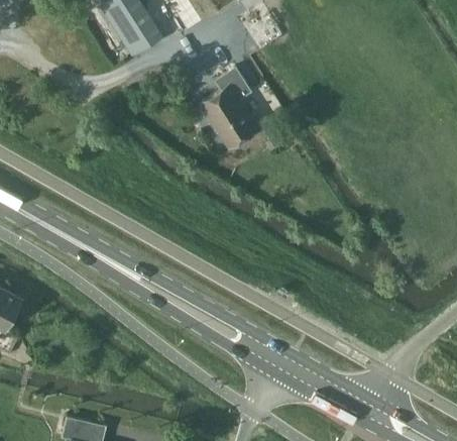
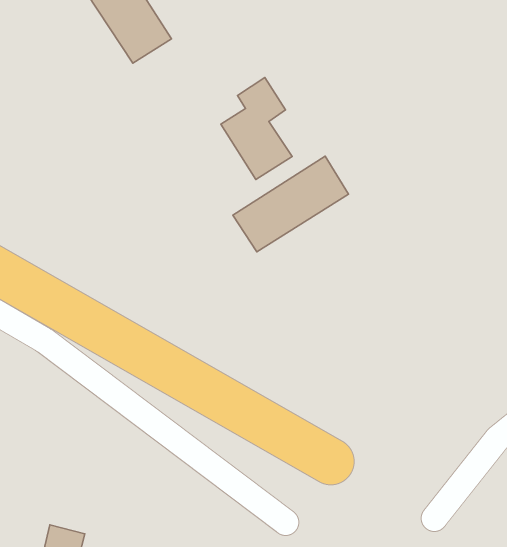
building: none -> [233,156,348,252]

